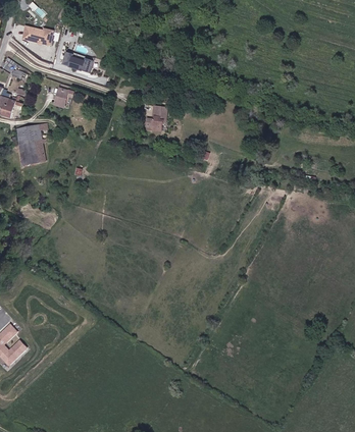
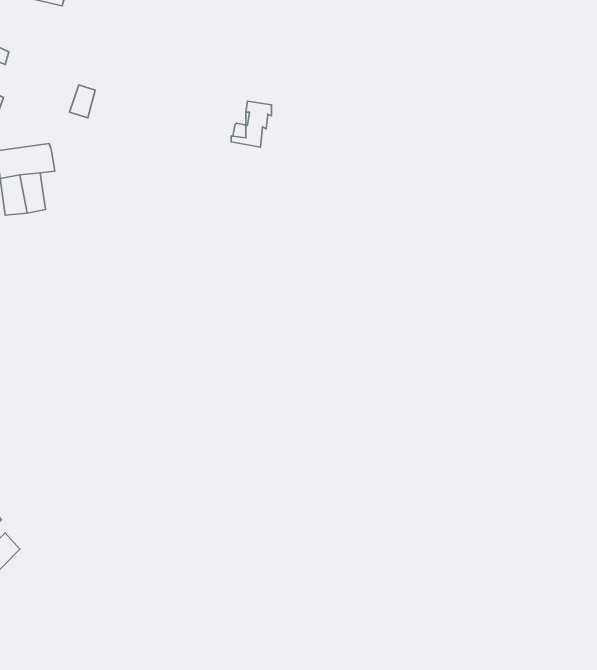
building: [61,51,95,74] -> none

